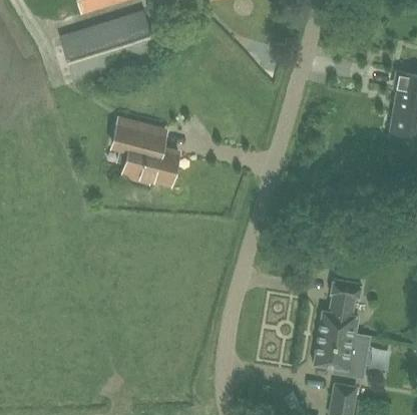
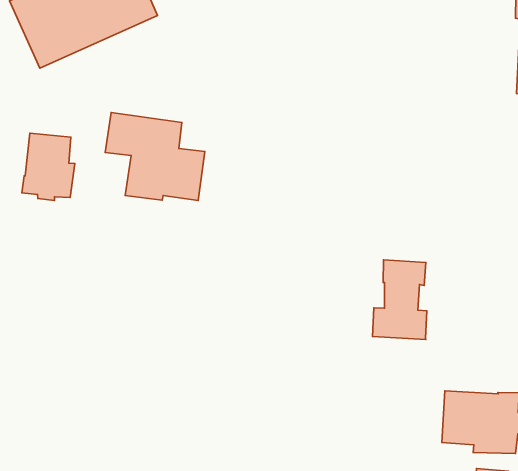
building: none -> [22,133,75,201]
building: [320,278,361,334] -> [373,260,427,340]

